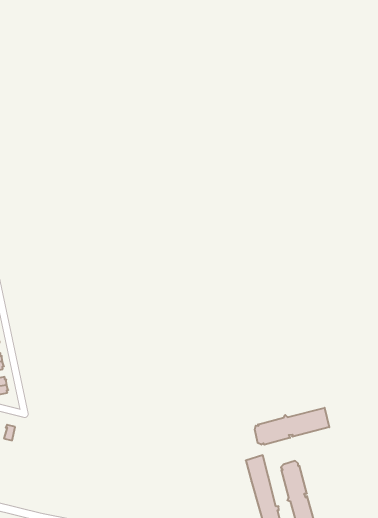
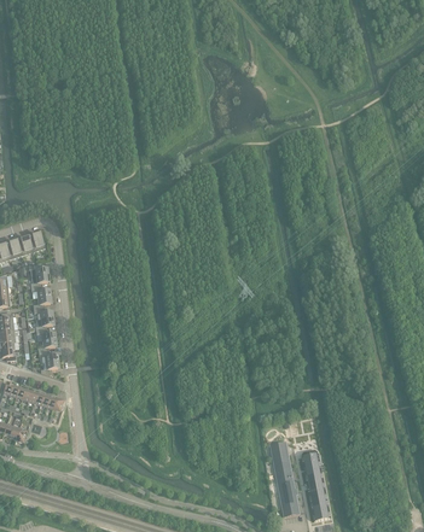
building: [255,408,329,445] -> none

